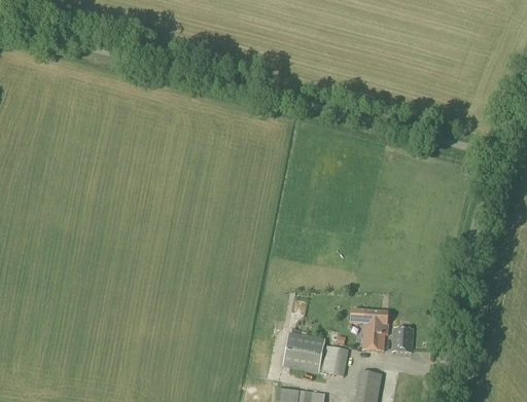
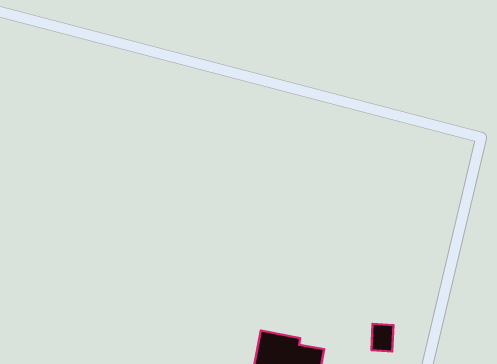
building: [350,309,388,351] -> none

